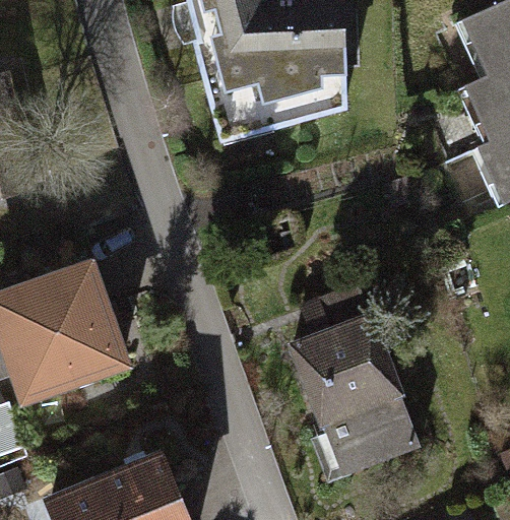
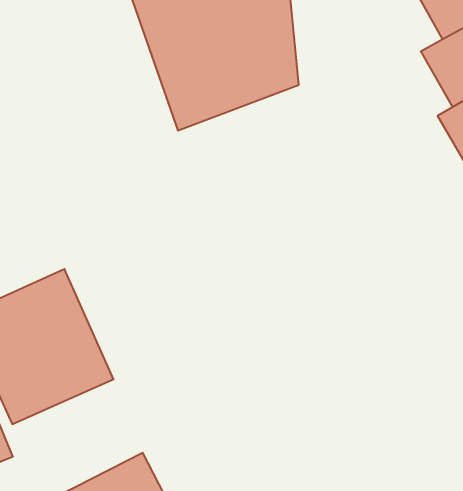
building: [286,281,418,473] -> none

